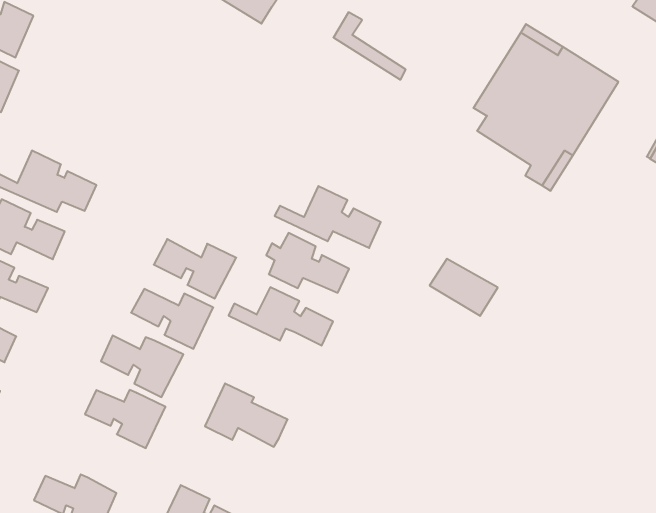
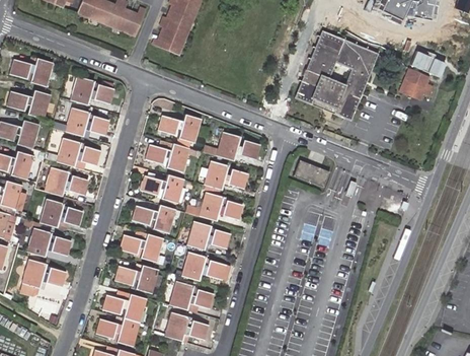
building: [333,12,406,80] -> [295,77,337,110]
building: none -> [69,79,113,108]
building: none -> [65,111,109,140]
building: none -> [156,117,201,146]
building: none -> [145,141,188,174]
building: none -> [186,221,231,255]
building: none -> [170,280,214,312]
building: none -> [103,291,147,321]

